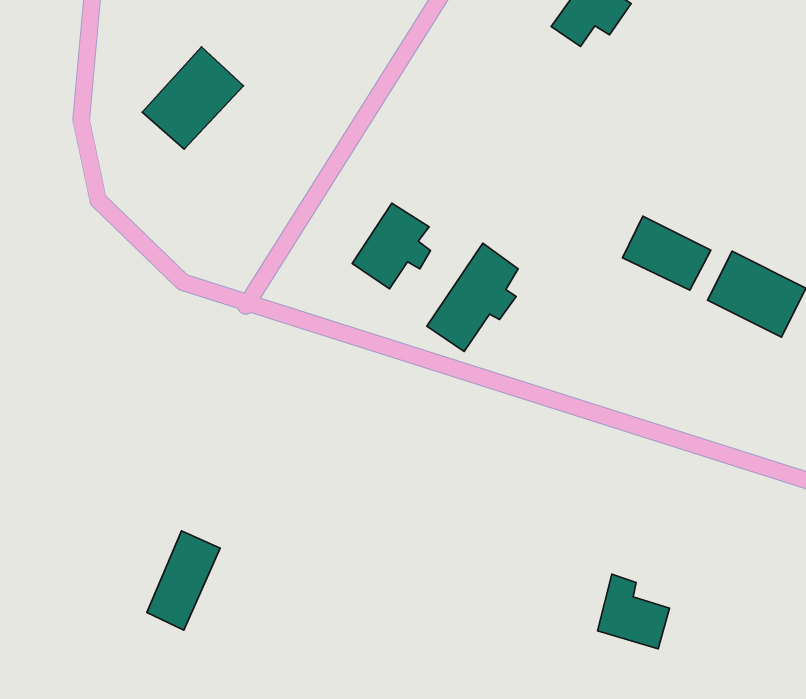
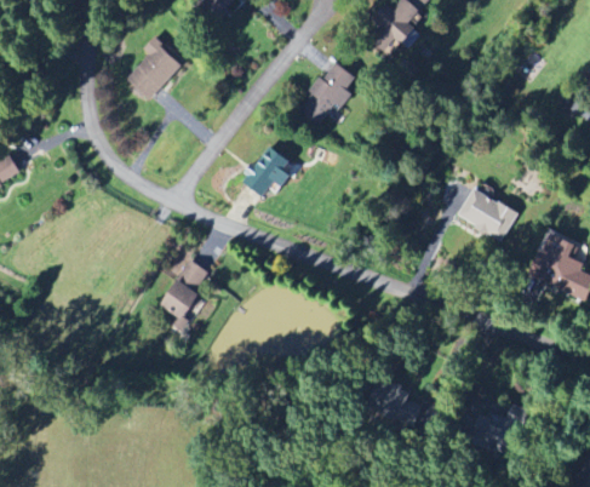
building: [622,216,711,290] -> none
building: [427,243,518,352] -> [297,59,355,125]
building: [147,531,220,630] -> [162,258,210,319]

